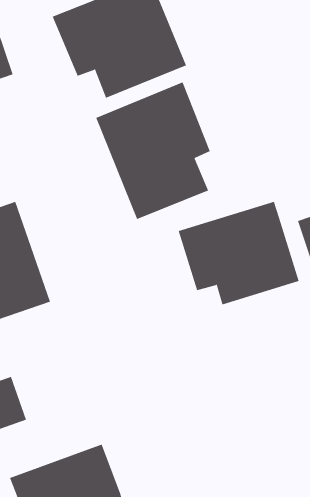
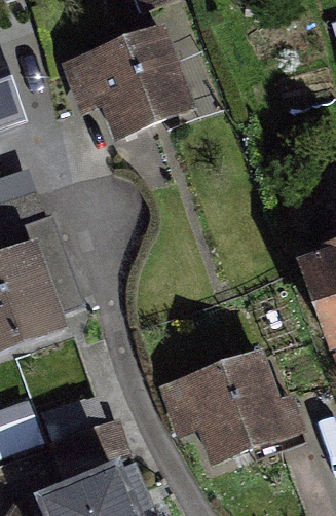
building: [96,82,210,220] -> none
building: [178,201,300,305] -> [166,358,281,455]

